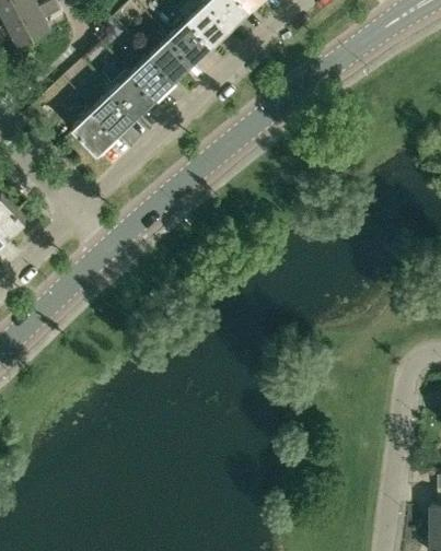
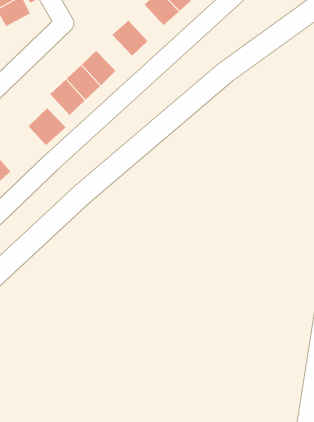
building: [169,20,211,65] -> none
building: [129,57,173,101] -> none
building: none -> [28,108,66,146]

